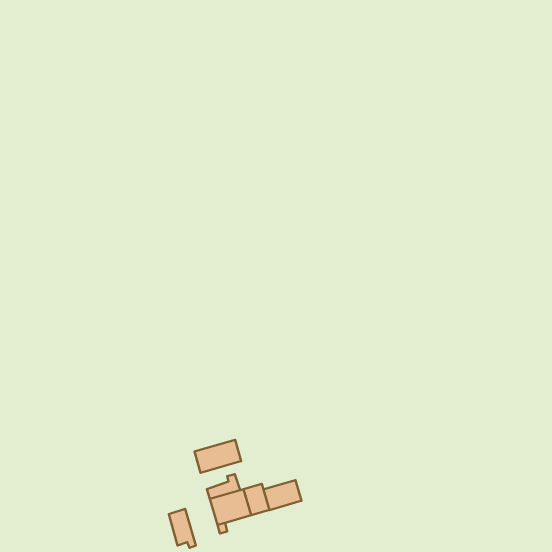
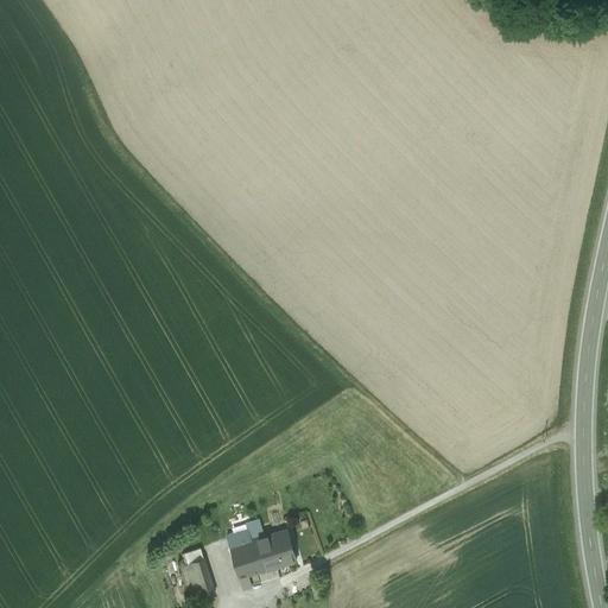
building: [194,440,241,473] -> none
building: [264,480,302,510] -> none

